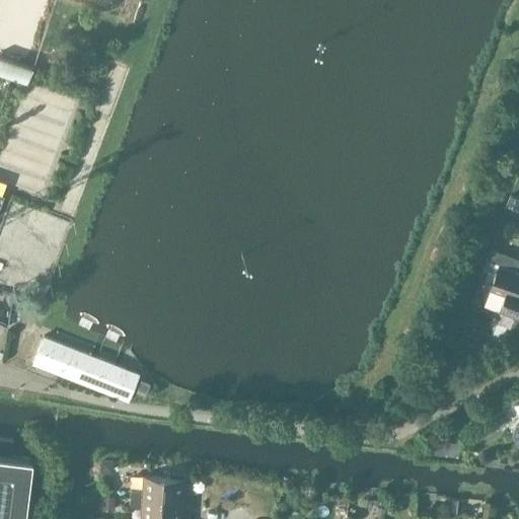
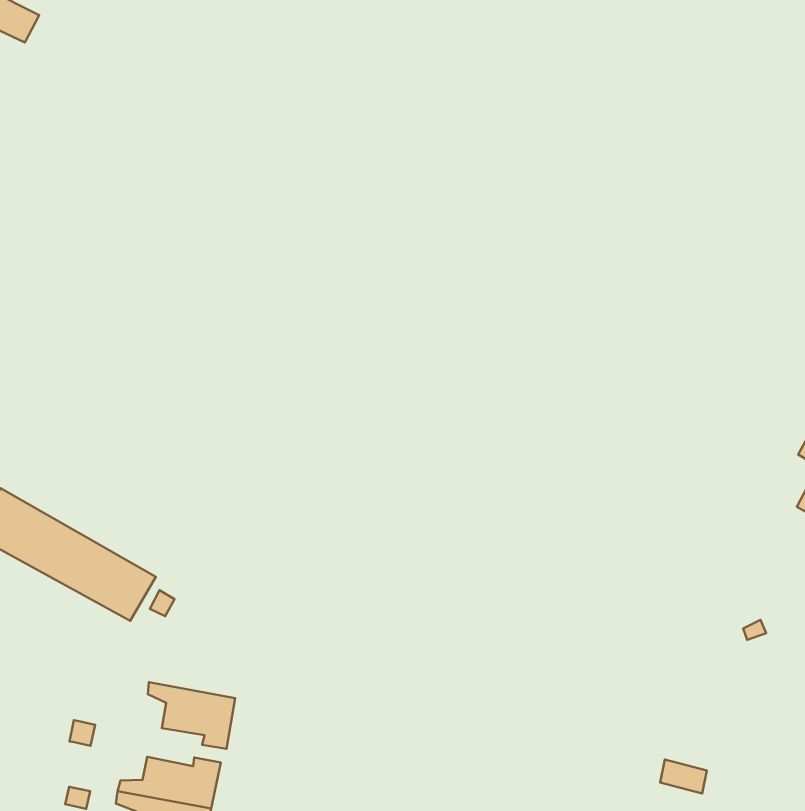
building: none -> [148,682,235,749]

